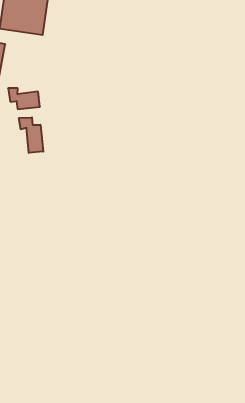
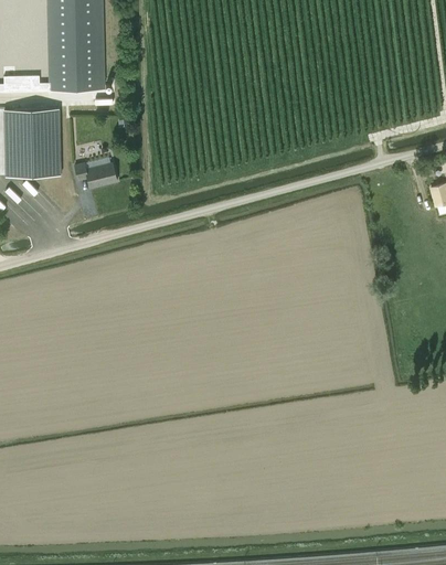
building: [19,117,43,153] -> none

